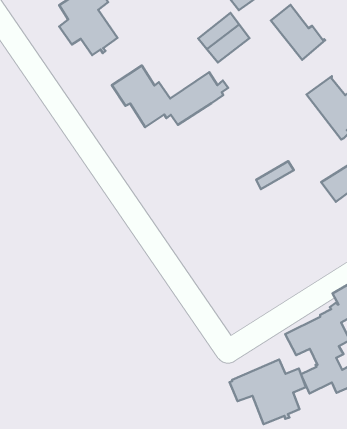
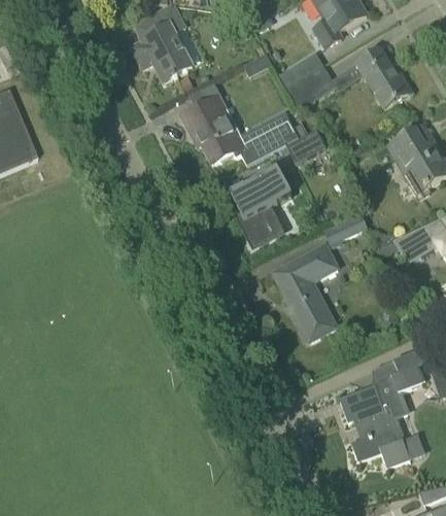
building: none -> [285,128,325,162]
building: none -> [225,168,291,244]
building: none -> [272,243,338,341]
building: [230,360,306,424] -> none

